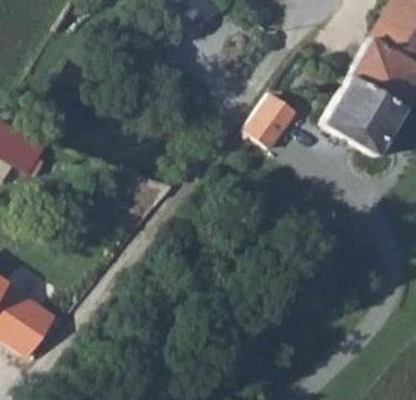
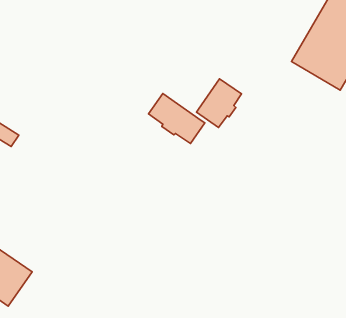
building: [322,73,406,156] -> none
building: none -> [149,93,205,144]

